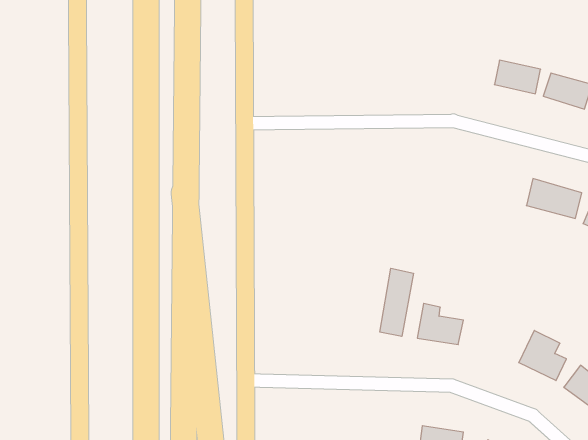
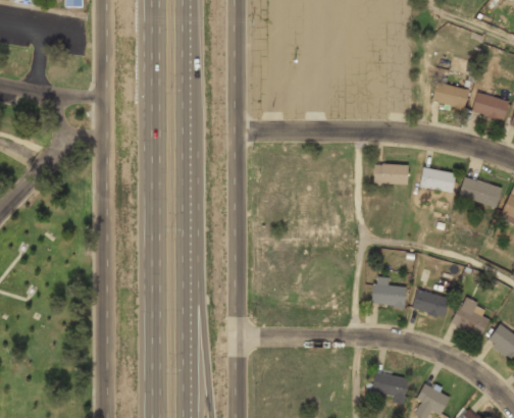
building: none -> [374,164,409,185]
building: none -> [420,167,456,193]
building: [380,268,413,336] -> none
building: none -> [412,290,450,317]

